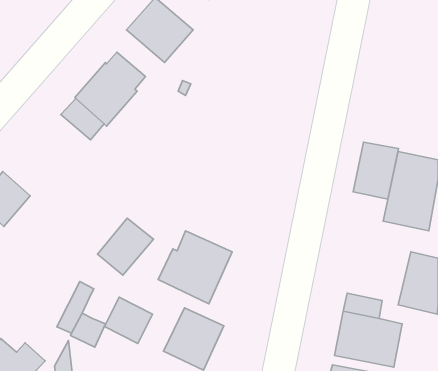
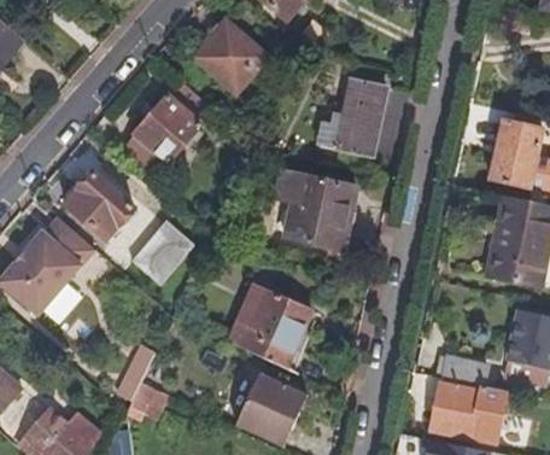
building: none -> [320,78,386,171]
building: none -> [66,170,135,238]
building: none -> [277,170,356,251]
building: [353,142,399,199] -> [490,121,542,186]
building: [98,218,154,275] -> [135,216,199,281]
building: [105,297,152,344] -> none

